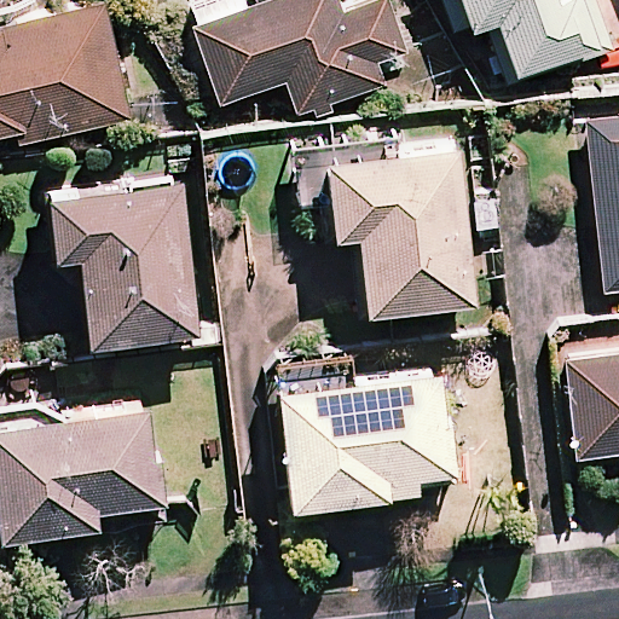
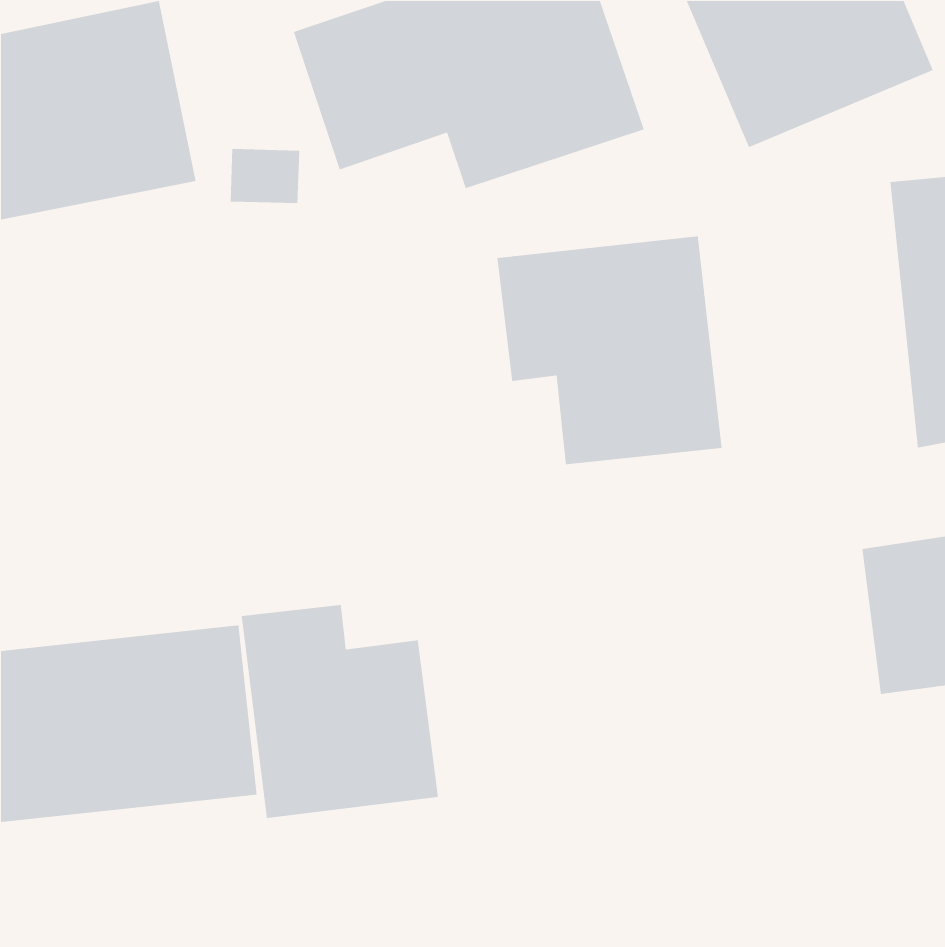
building: [46,177,207,347] -> none
building: [273,366,453,504] -> none
building: none -> [241,604,439,819]

